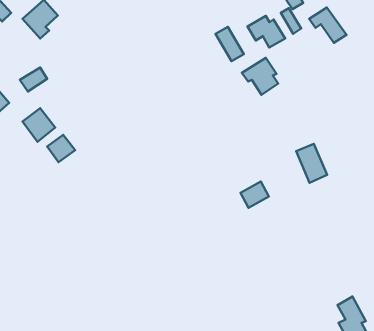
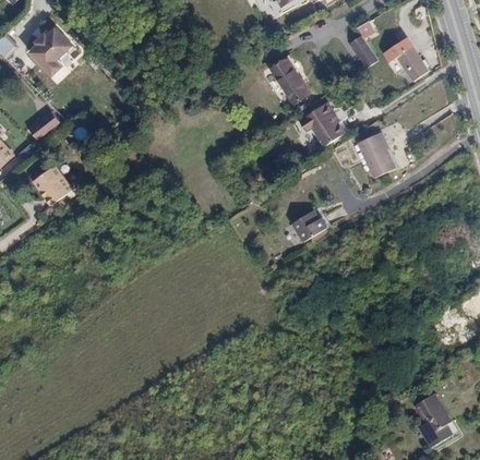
building: [248,16,285,47] -> none
building: [47,135,75,162] -> none
building: [296,144,327,183] -> [358,131,396,179]
building: [241,181,269,208] -> [291,209,326,242]

